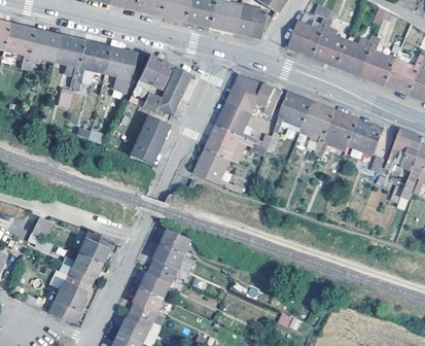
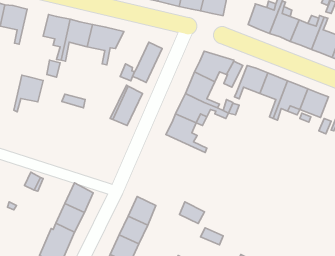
building: [26,29,60,71] -> [14,75,43,112]
building: [138,55,172,89] -> none
building: [162,230,190,254] -> [179,202,204,223]

